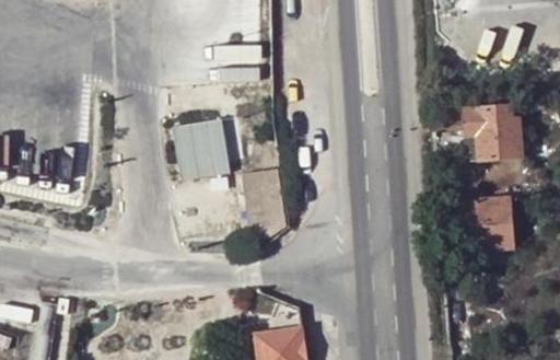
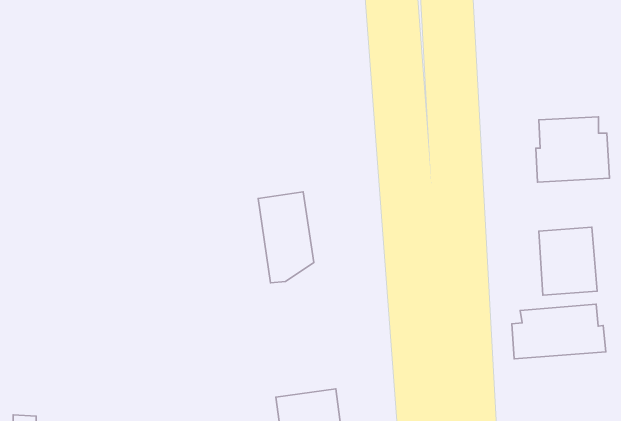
building: [176,117,230,176] -> none
building: none -> [512,304,606,359]

